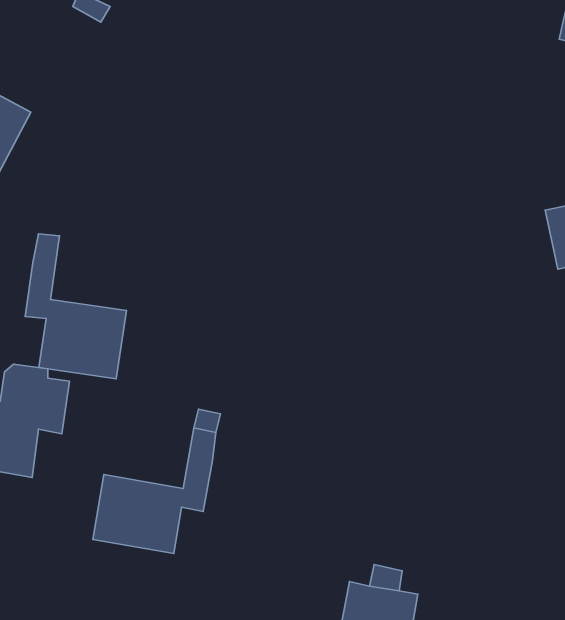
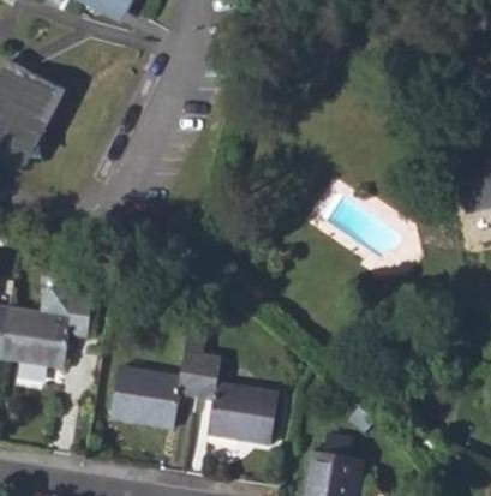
building: [25,234,126,379] -> none
building: none -> [197,357,279,444]

